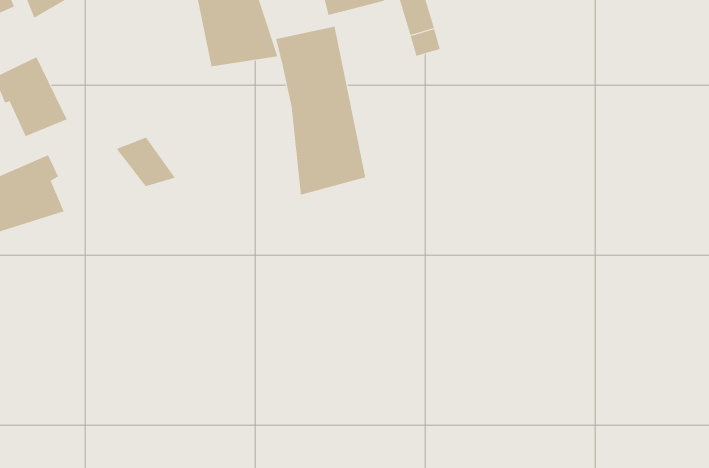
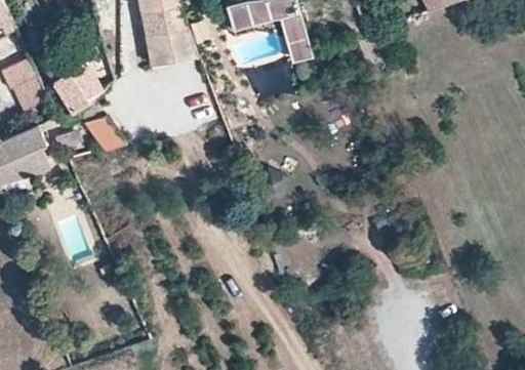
building: [275,26,366,195] -> none
building: none -> [52,59,104,113]

